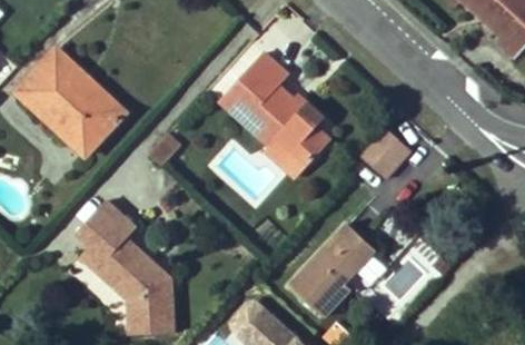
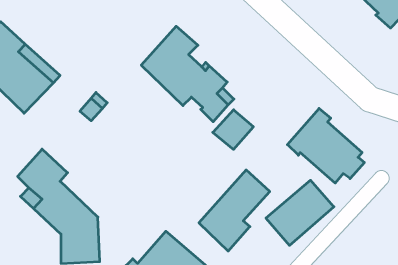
building: [359,127,407,174] -> [213,110,253,149]
building: none -> [287,108,364,183]

